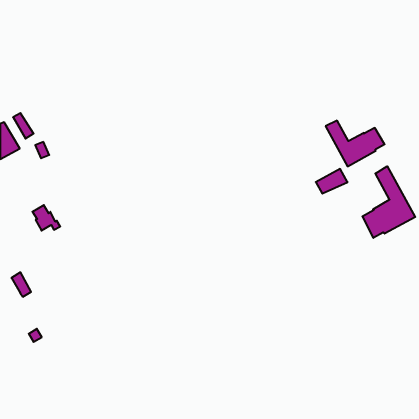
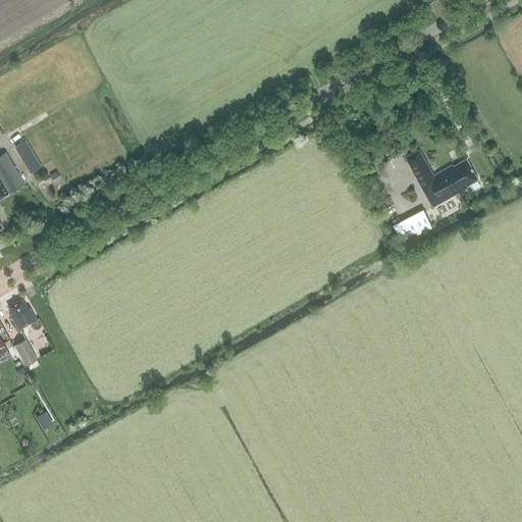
building: [362,166,415,238] -> none
building: [32,205,60,231] -> [7,299,42,330]

